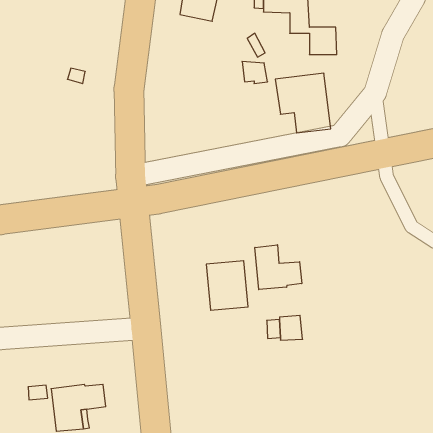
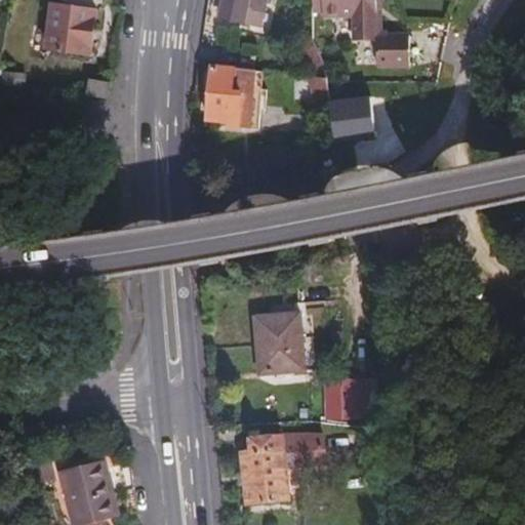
building: none -> [44,4,95,56]
building: none -> [207,67,253,122]
building: [255,245,302,290] -> none
building: none -> [240,434,325,502]

